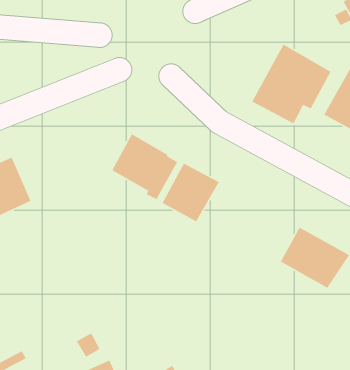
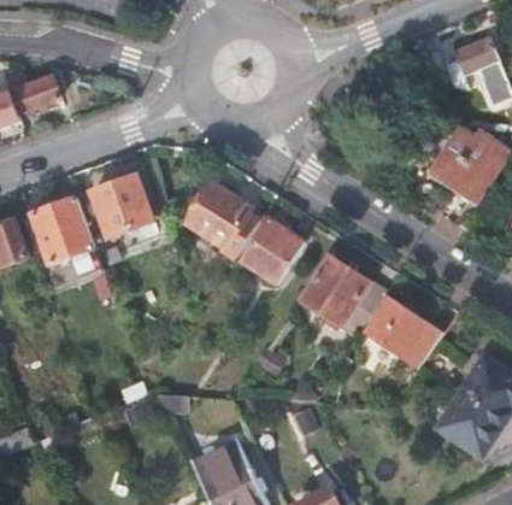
building: [251,44,331,124] -> none
building: none -> [89,175,151,237]
building: none -> [299,257,382,335]

